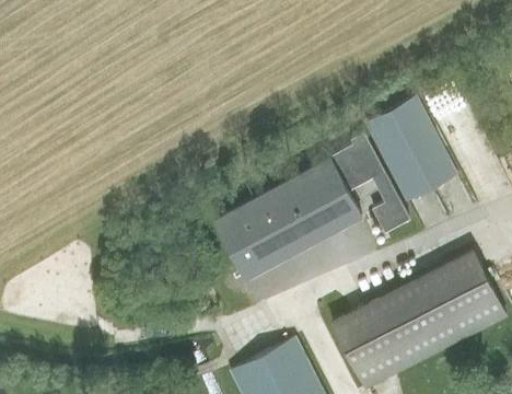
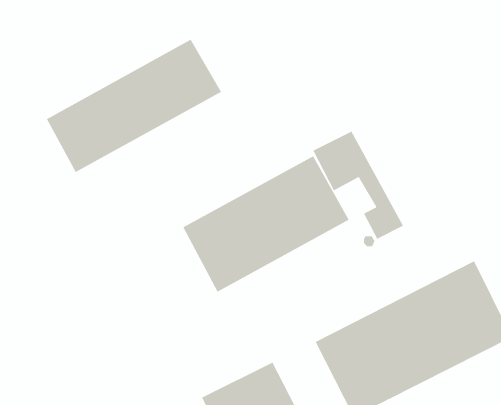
building: none -> [46,39,222,173]
building: [365,97,457,202] -> none

